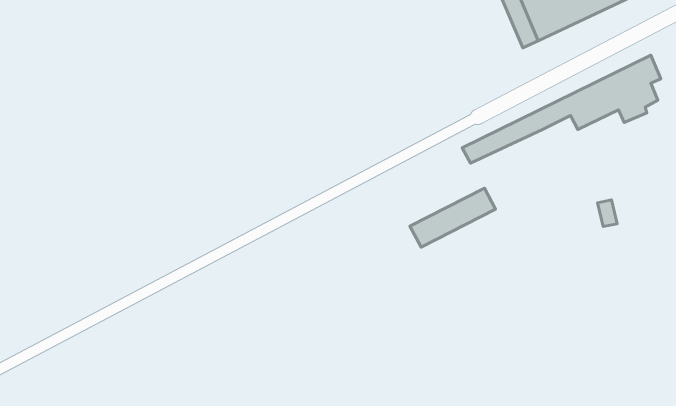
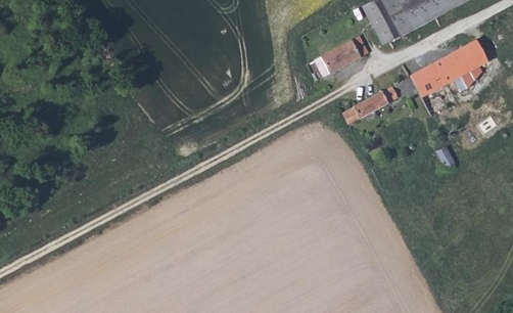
building: [410,188,496,247] -> [314,31,376,74]

